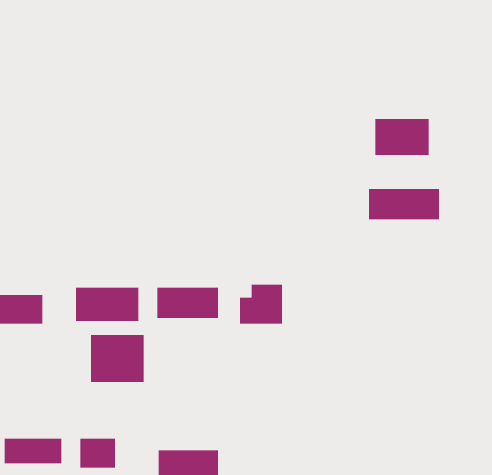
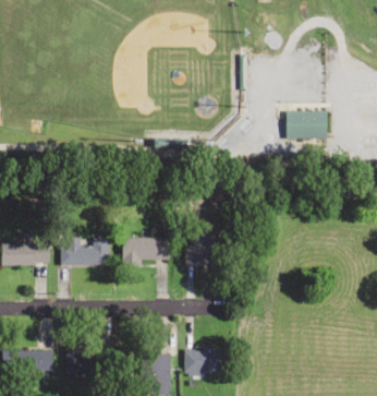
building: [368,188,440,220] -> none
building: [90,334,144,383] -> none
building: none -> [185,348,221,373]

